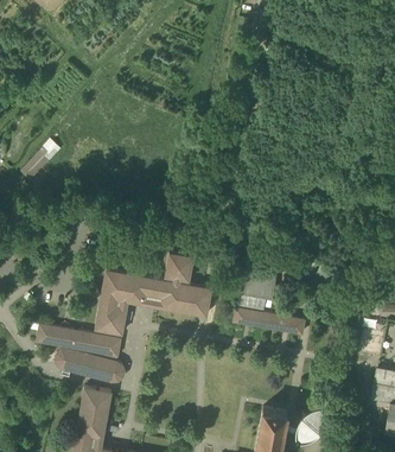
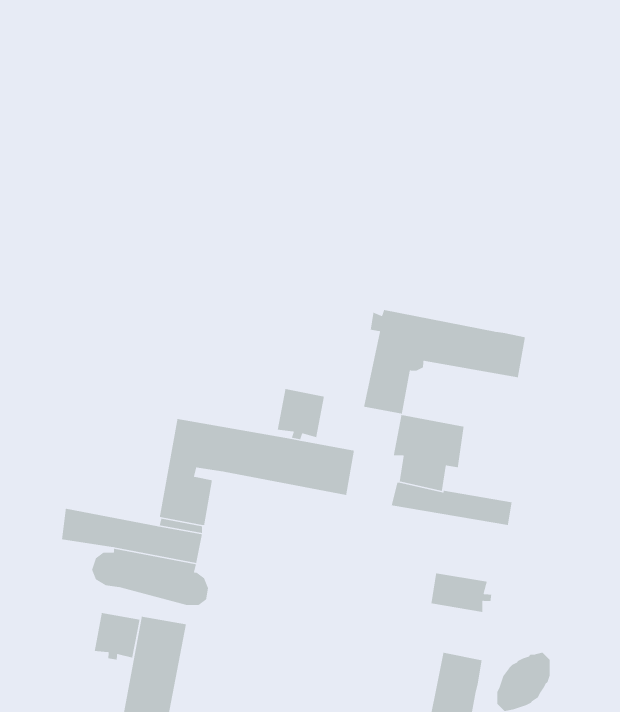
building: none -> [363,309,526,414]
building: none -> [430,572,492,613]
building: none -> [94,612,140,661]

